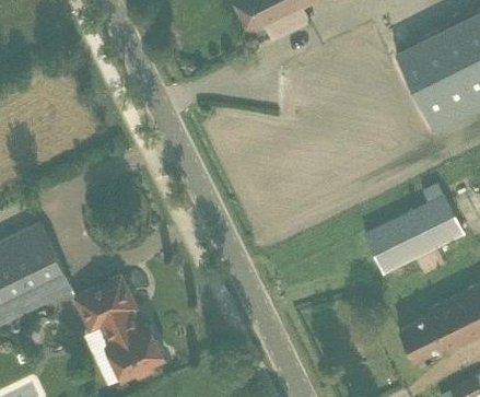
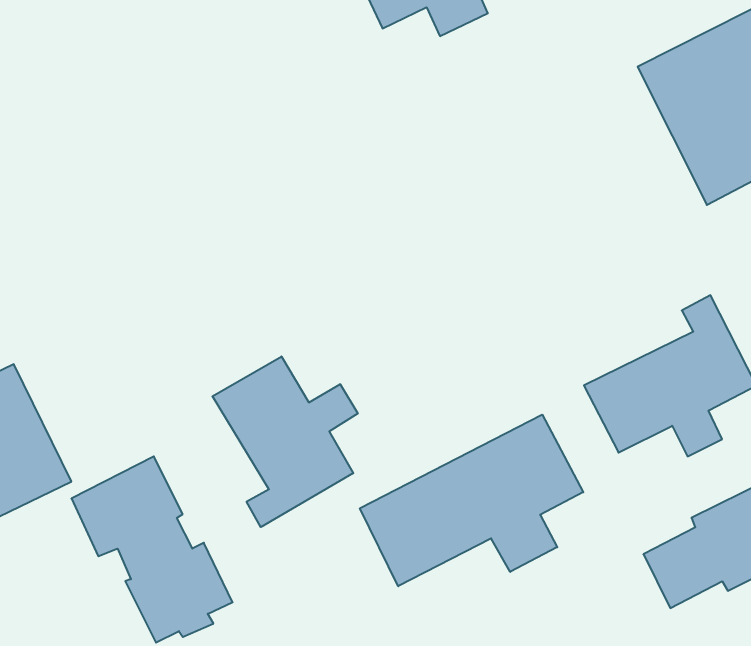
building: none -> [212,356,358,527]
building: none -> [360,415,583,586]

